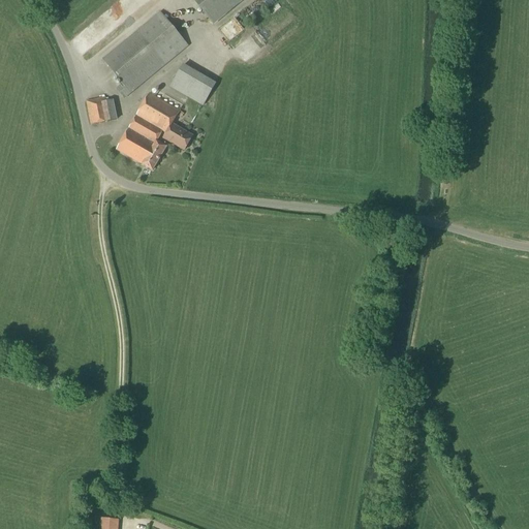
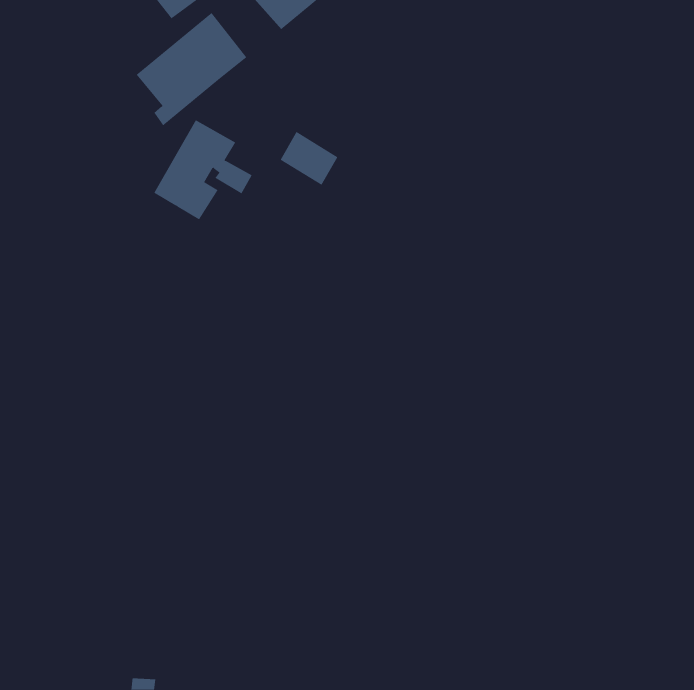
building: [170,62,215,103] -> [280,131,338,186]
building: [87,95,117,122] -> none

